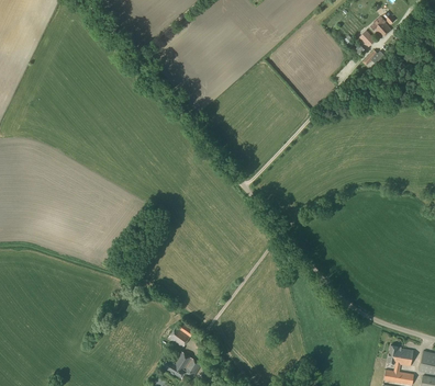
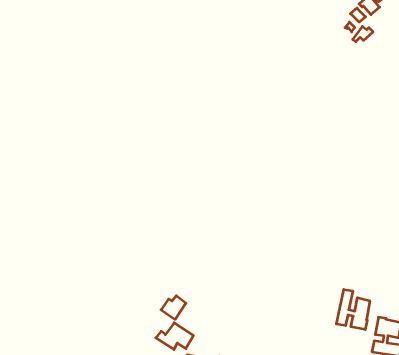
building: none -> [336,289,370,330]

